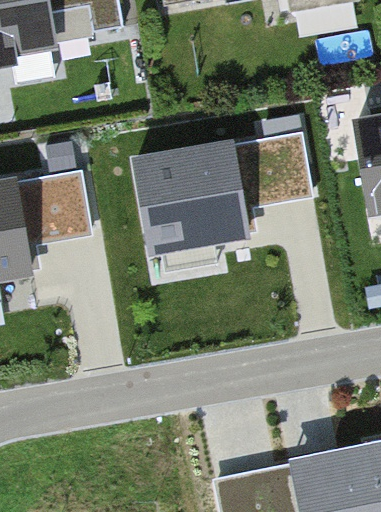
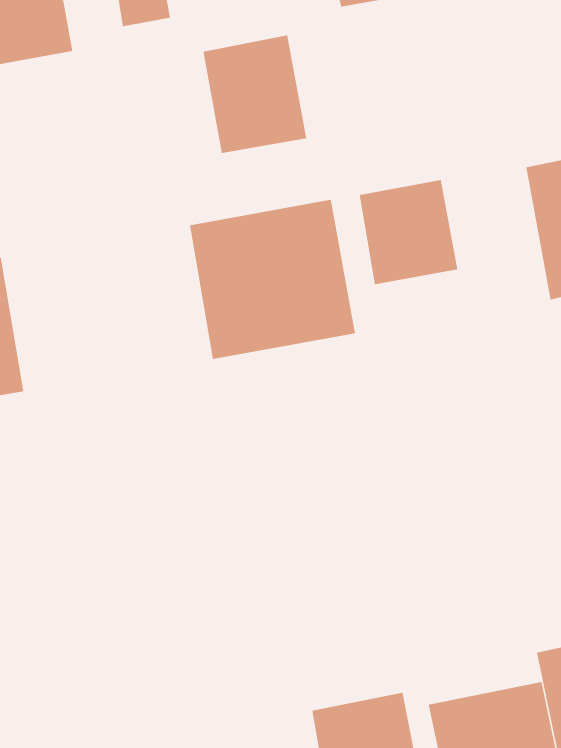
building: none -> [203,34,307,154]
building: [27,171,92,239] -> none

